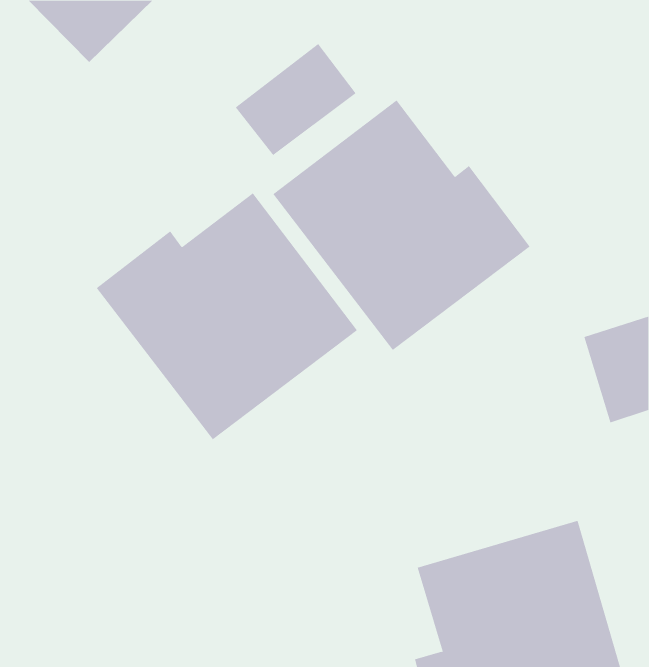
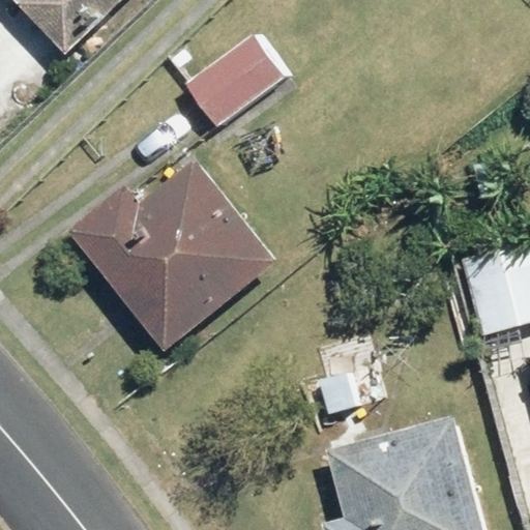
building: [272,99,531,351] -> none

